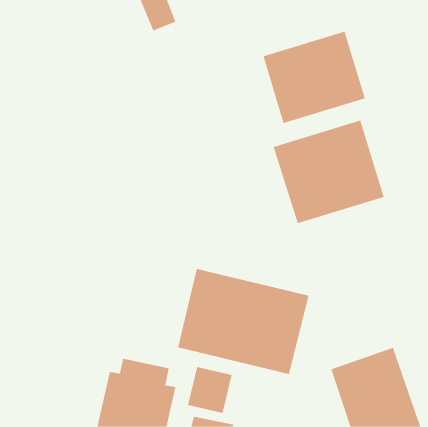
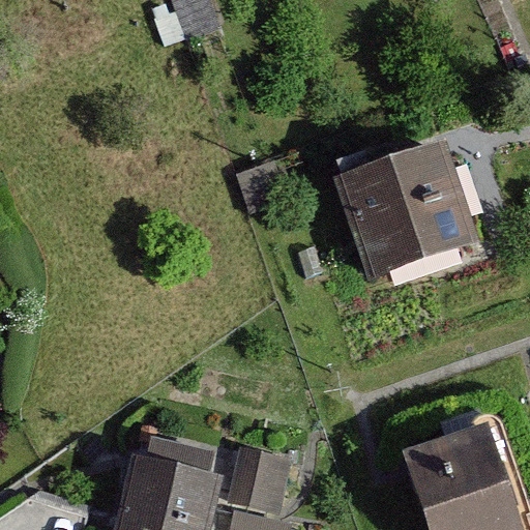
building: [263,31,366,124] -> none
building: [177,268,309,375] -> none

